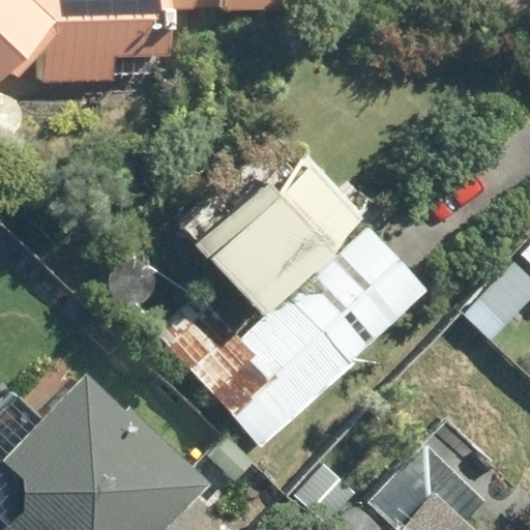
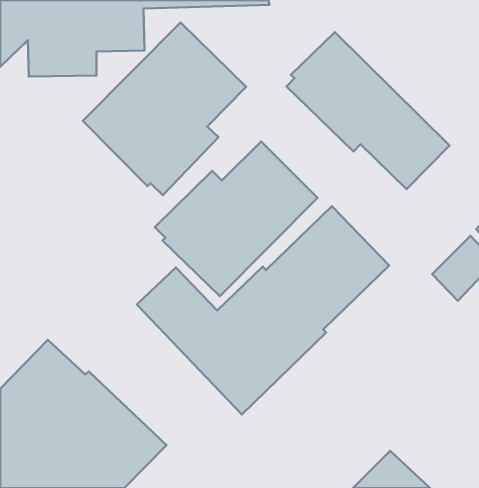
building: none -> [83,23,246,195]
building: none -> [286,32,449,189]

